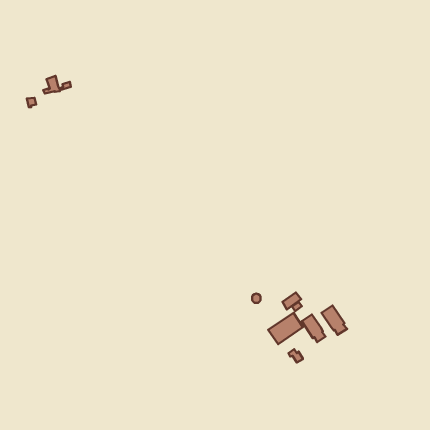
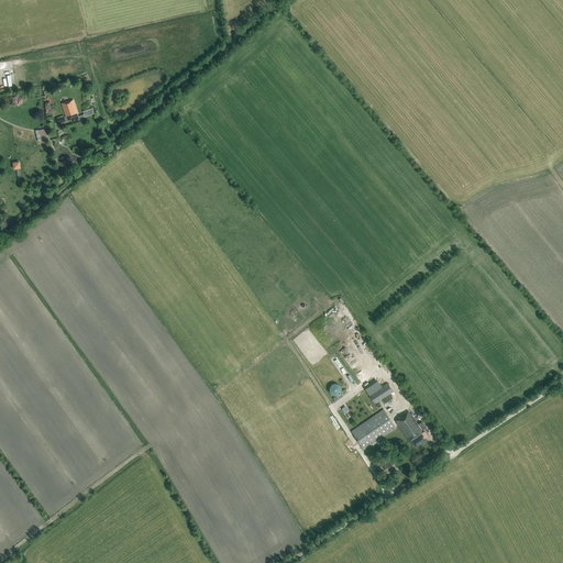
building: [322,305,347,335] -> none

